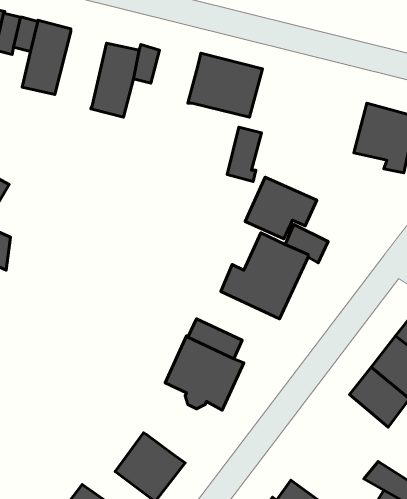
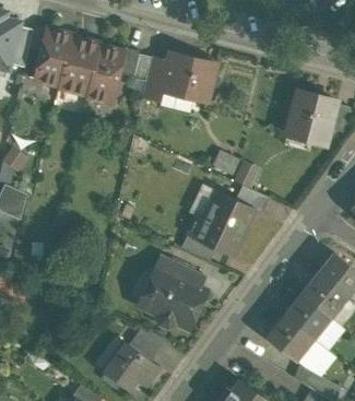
building: none -> [58,37,99,94]
building: [227,127,262,182] -> [142,59,168,101]
building: none -> [267,315,313,361]
building: none -> [129,328,167,362]

